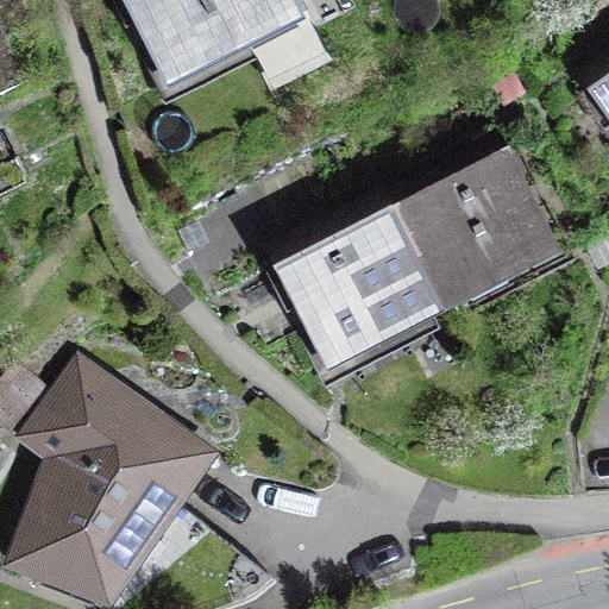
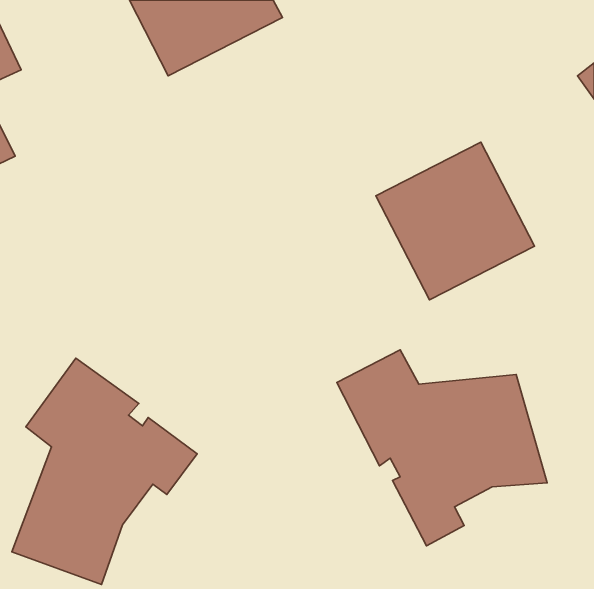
building: [278,207,438,368] -> none
building: none -> [337,350,547,546]

